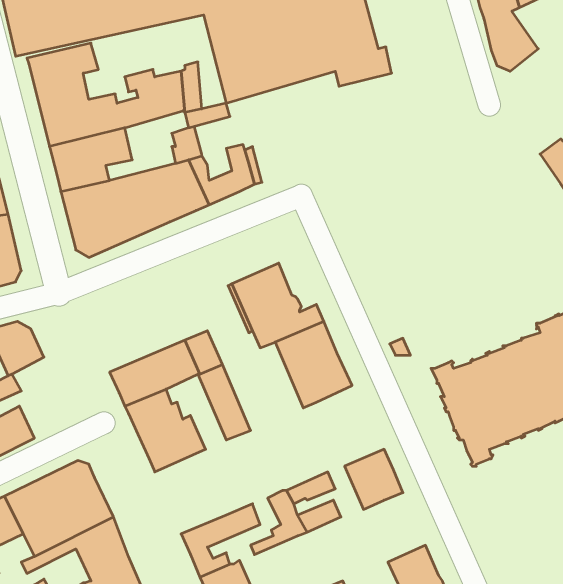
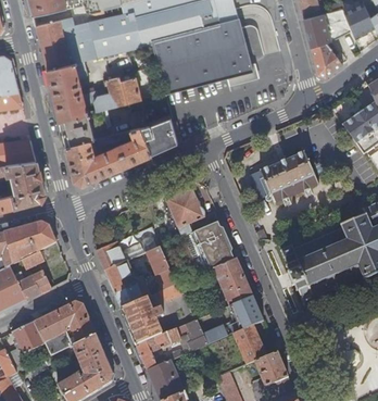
building: none -> [251,152,319,203]
building: none -> [214,259,253,305]
building: none -> [121,284,184,344]
building: none -> [234,325,267,364]

